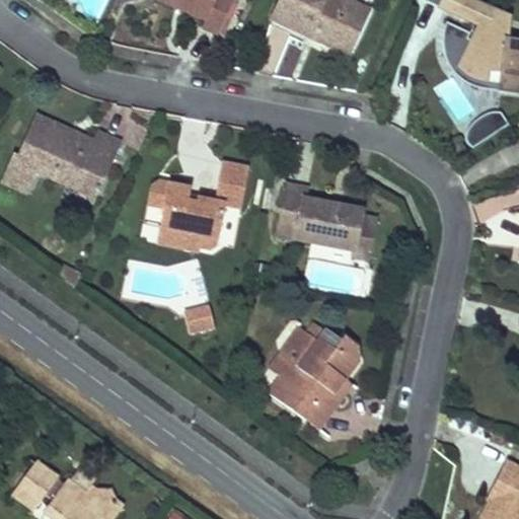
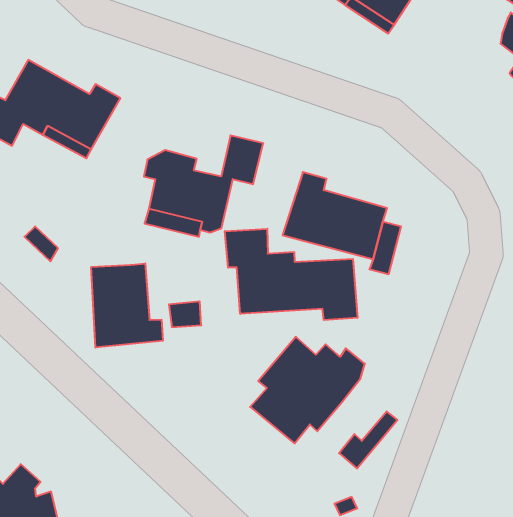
building: none -> [225,229,357,320]
building: none -> [91,263,163,348]
building: [311,376,358,429] -> [339,411,397,468]

